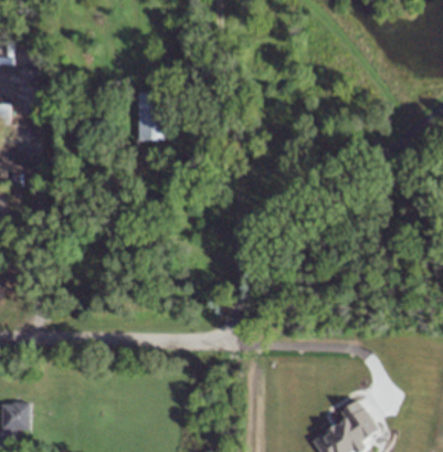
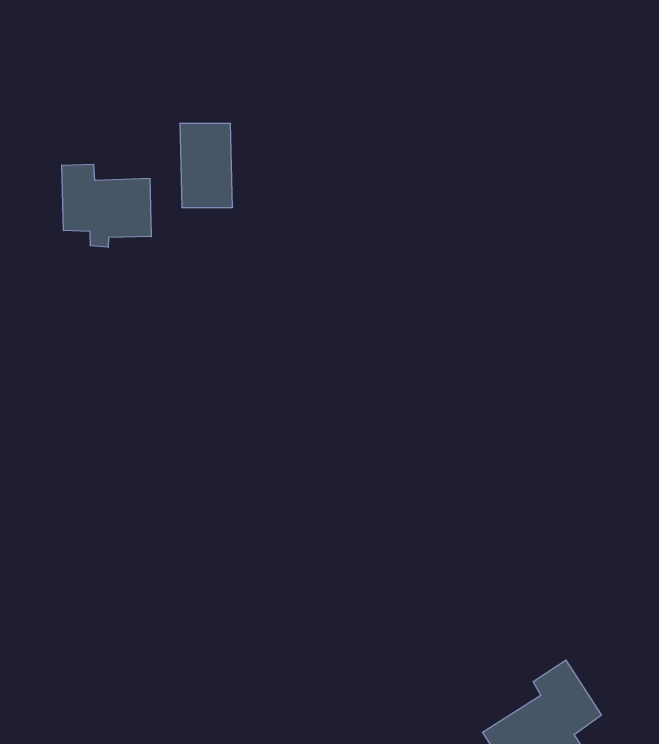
building: none -> [62,164,151,247]

